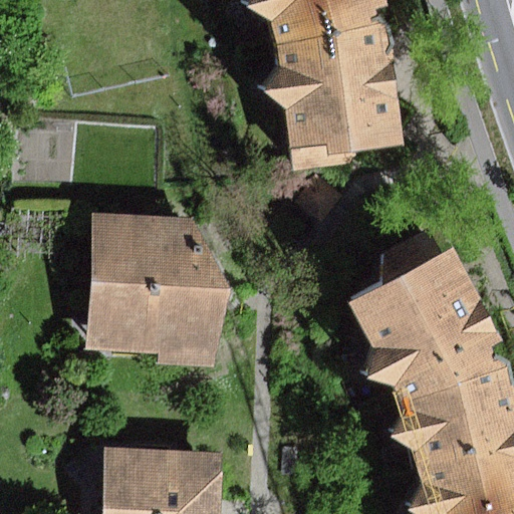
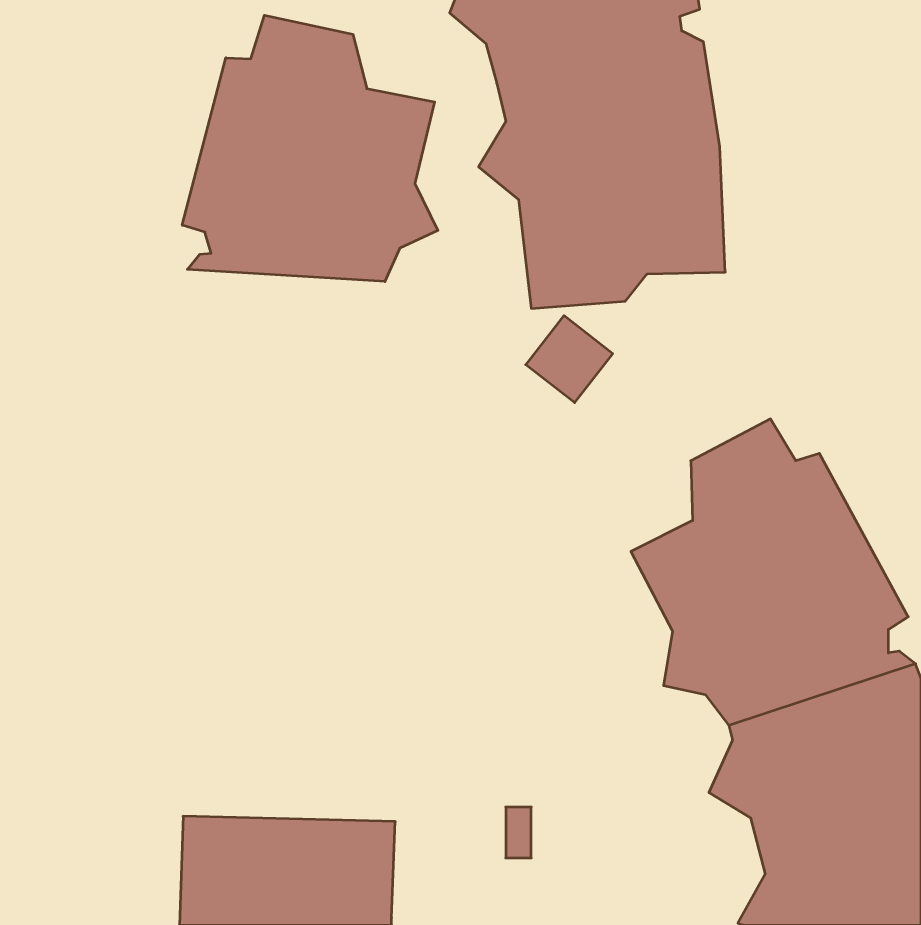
building: none -> [182,15,438,282]
building: [87,214,232,363] -> none

